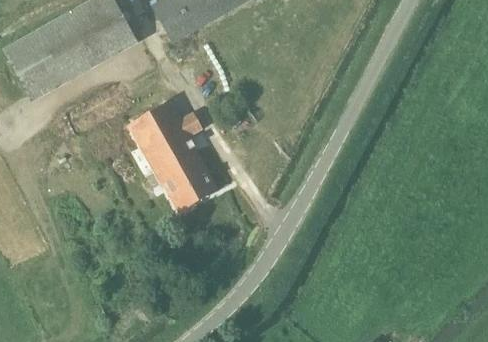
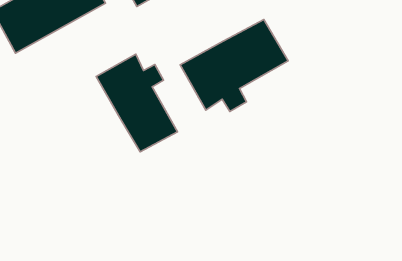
building: none -> [180,20,288,111]

